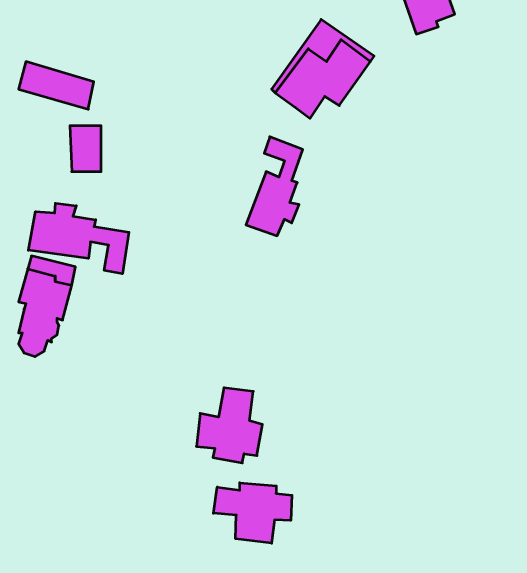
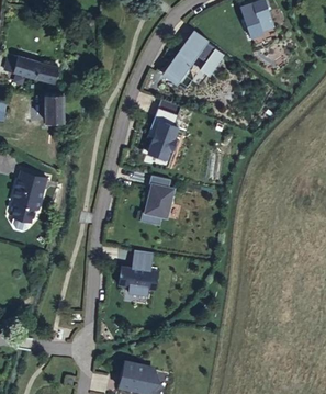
building: [28,203,129,274] -> none
building: none -> [140,176,175,225]
building: [213,483,292,543] -> none

